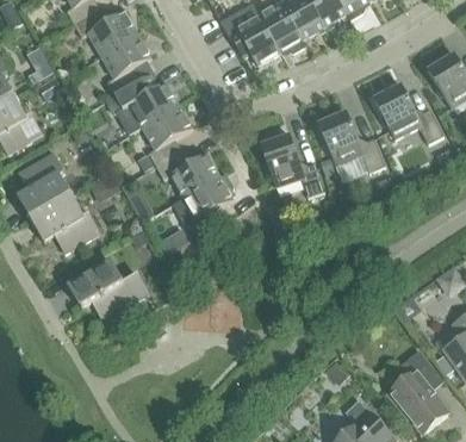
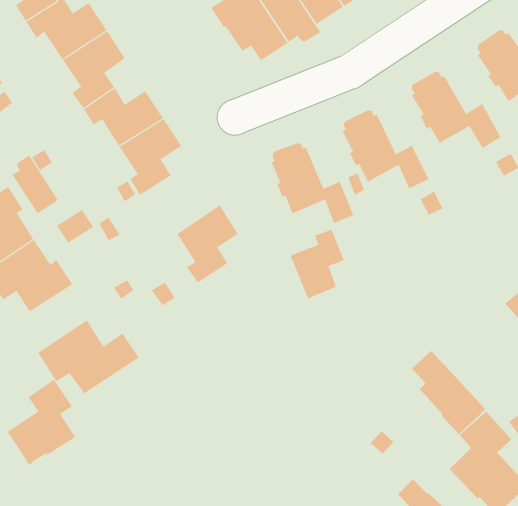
building: none -> [12,154,59,214]
building: [156,151,219,198] -> none
building: none -> [290,229,344,299]
building: none -> [411,350,486,435]
building: none -> [7,379,76,466]

